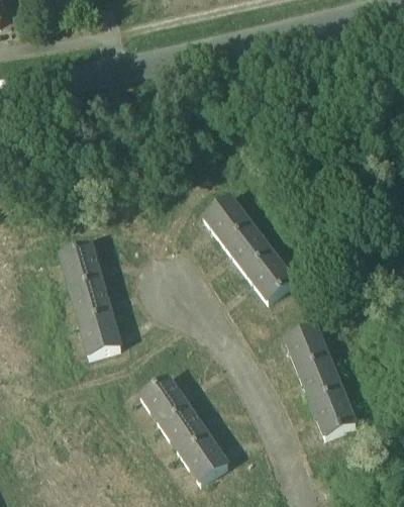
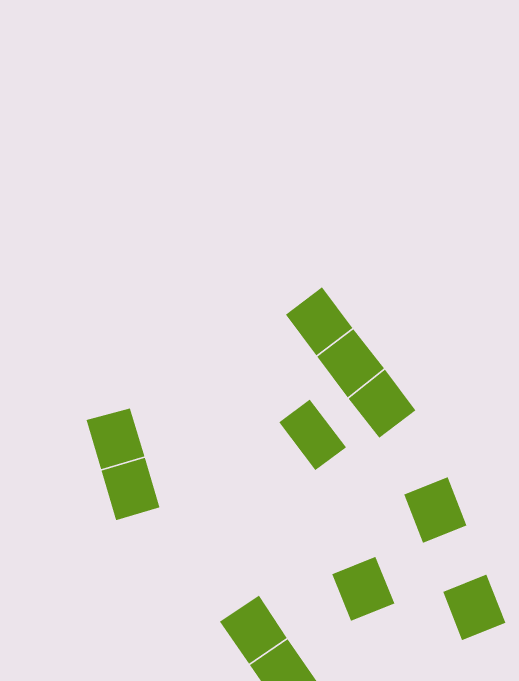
building: [60,243,100,286] -> none
building: none -> [278,398,347,471]
building: [297,358,340,402] -> [331,556,395,622]
building: [140,375,187,422] -> none

